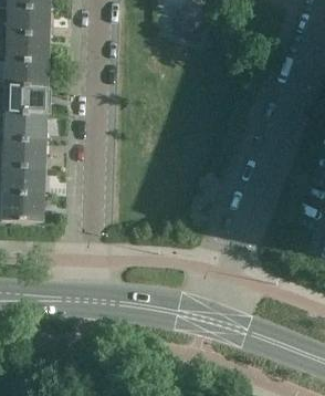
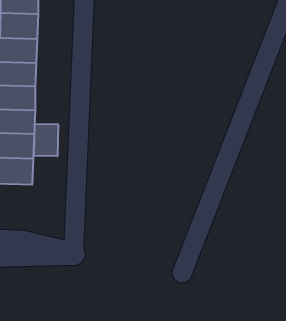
building: none -> [34,124,58,156]

